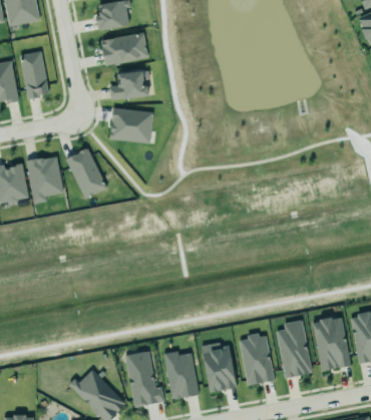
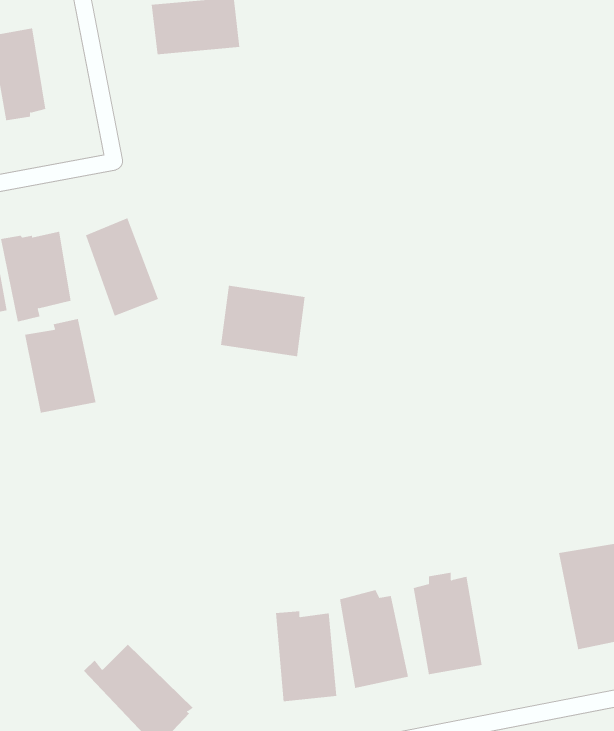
building: [111,70,151,99] -> none
building: [111,107,155,144] -> [220,285,306,357]
building: none -> [24,318,96,413]
building: [276,319,312,378] -> none
building: [125,350,164,406] -> none

